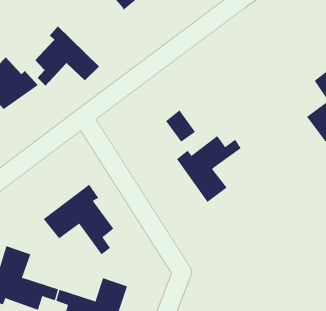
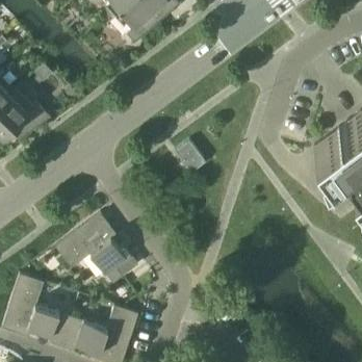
building: [34,26,100,87] -> none
building: [176,135,241,203] -> none

